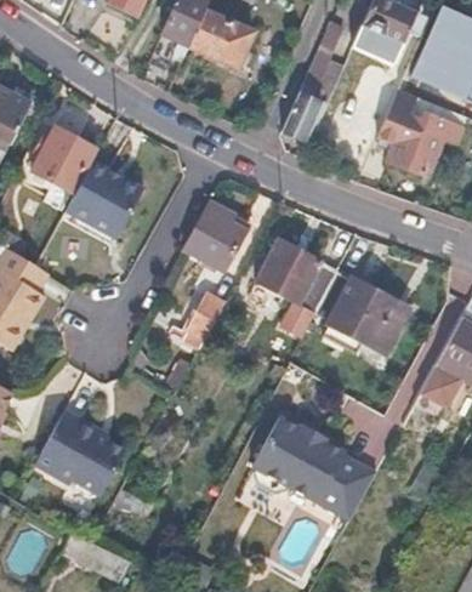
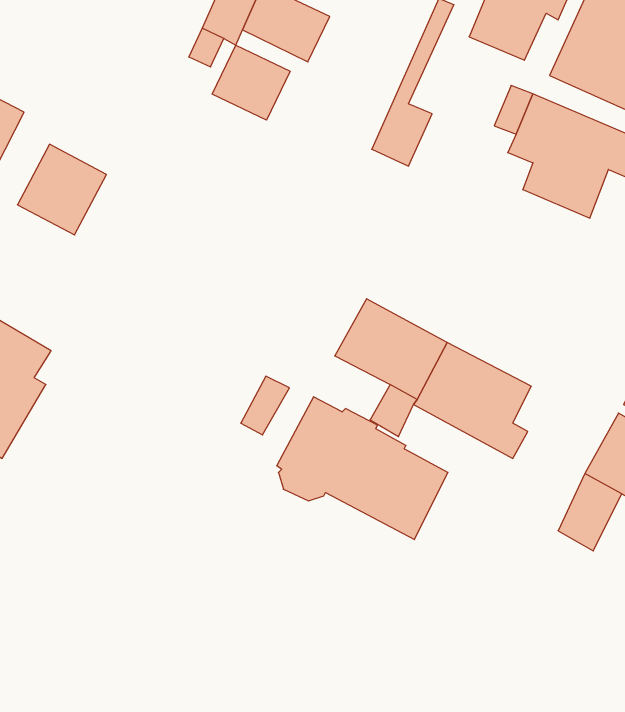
building: none -> [212,45,290,120]
building: [64,159,142,235] -> none
building: [184,201,243,266] -> none
building: [34,411,124,495] -> none
building: [255,412,379,516] -> [277,397,448,540]

